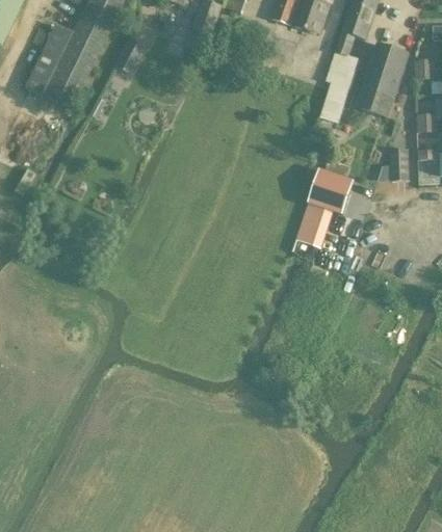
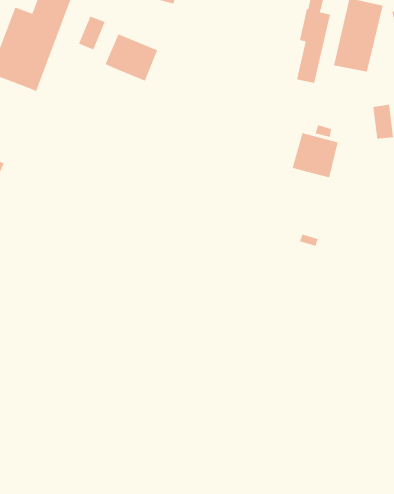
building: none -> [105,33,158,81]
building: [295,200,334,247] -> none

